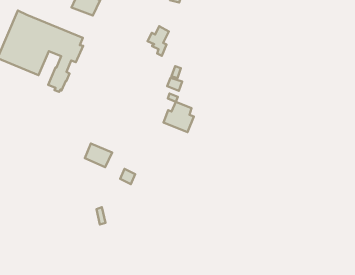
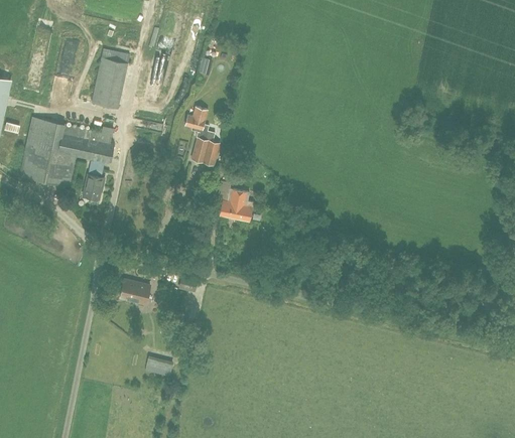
building: none -> [191,137,220,164]
building: [85,143,112,167] -> [120,279,150,303]
building: none -> [145,355,173,376]

